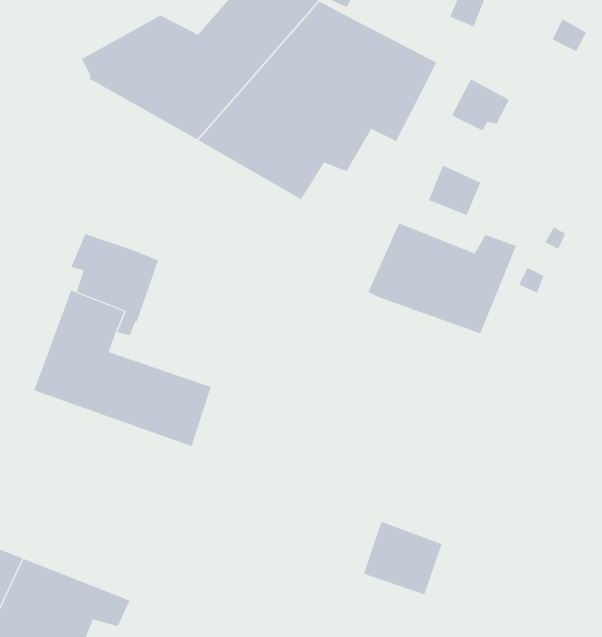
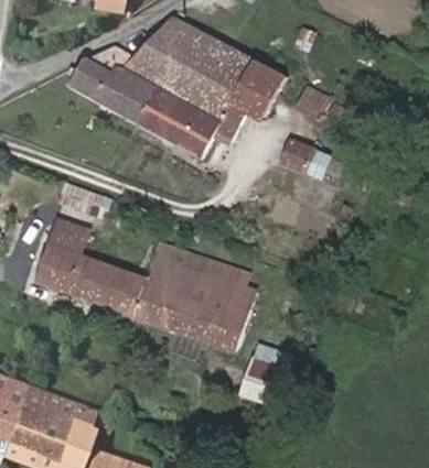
building: [368,222,517,334] -> none
building: none -> [133,241,255,353]

